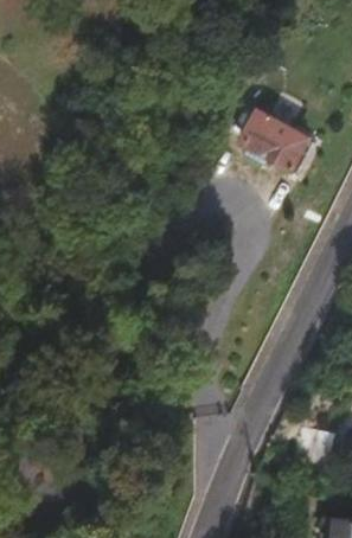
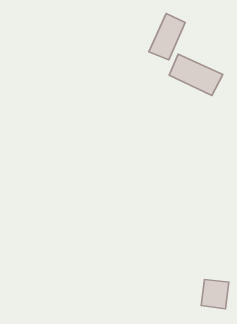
building: none -> [149,14,185,60]

